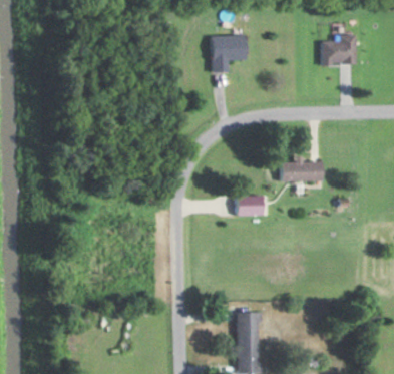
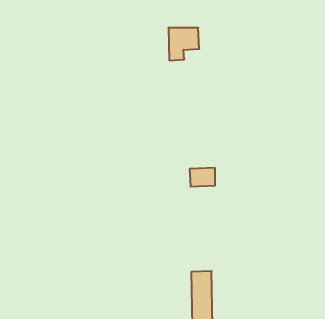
building: [320,34,356,64] -> none
building: [280,156,324,181] -> none

